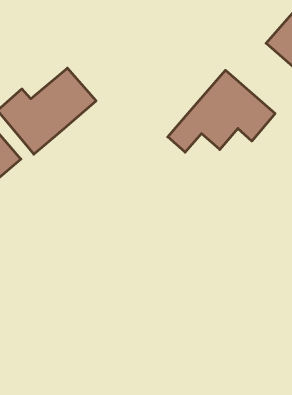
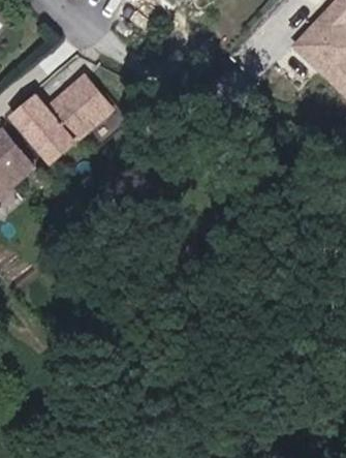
building: [168,70,275,152] -> none

